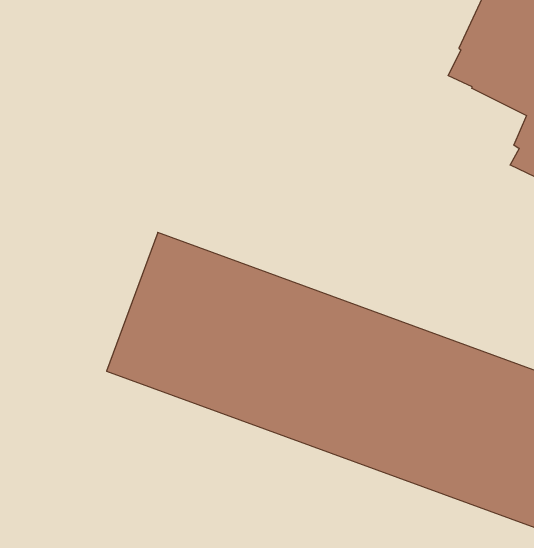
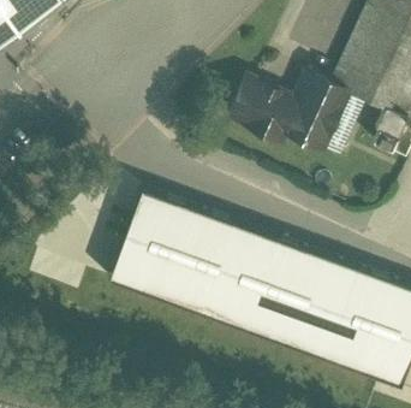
building: none -> [227,71,361,154]

